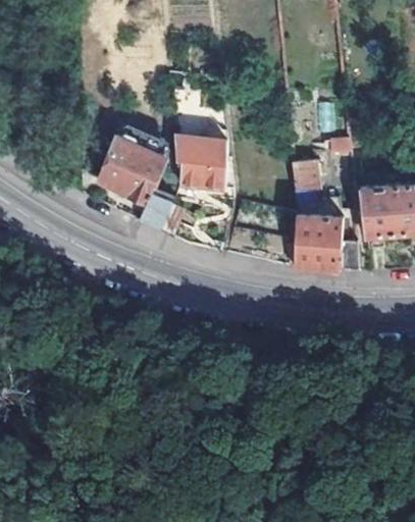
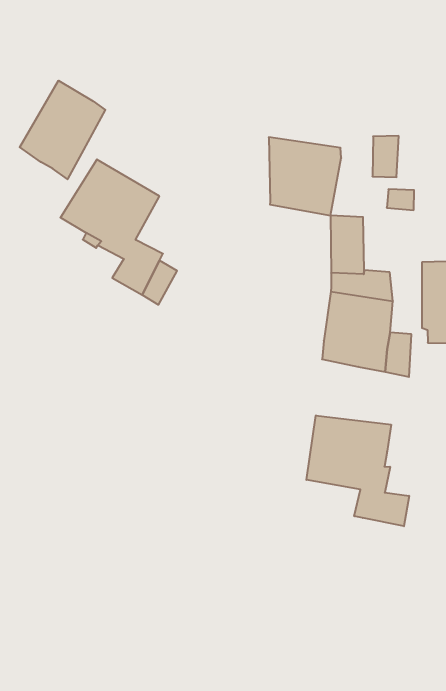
building: none -> [20,81,105,179]
building: [174,137,227,189] -> [269,137,341,216]
building: none -> [306,415,409,526]

